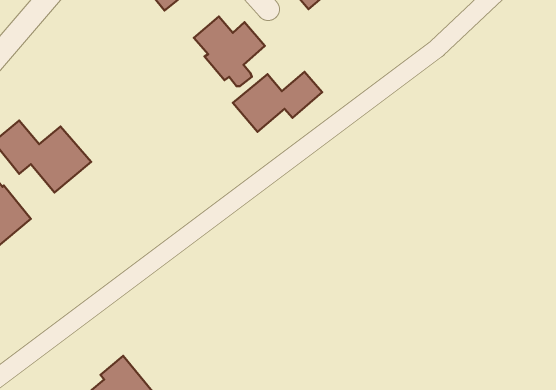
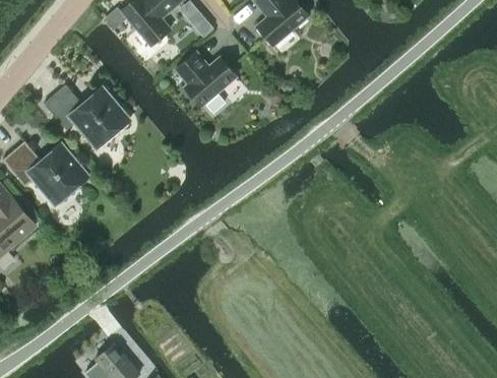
building: none -> [44,84,128,146]
building: [233,72,322,132] -> none

